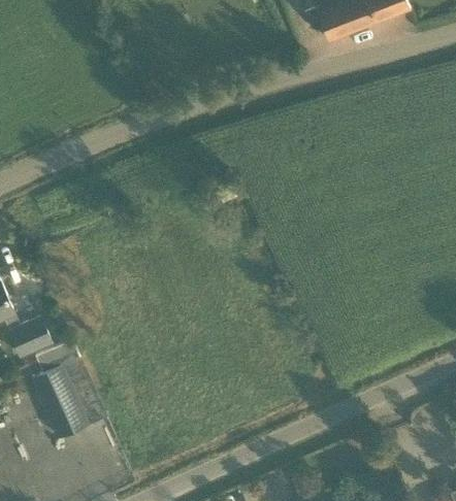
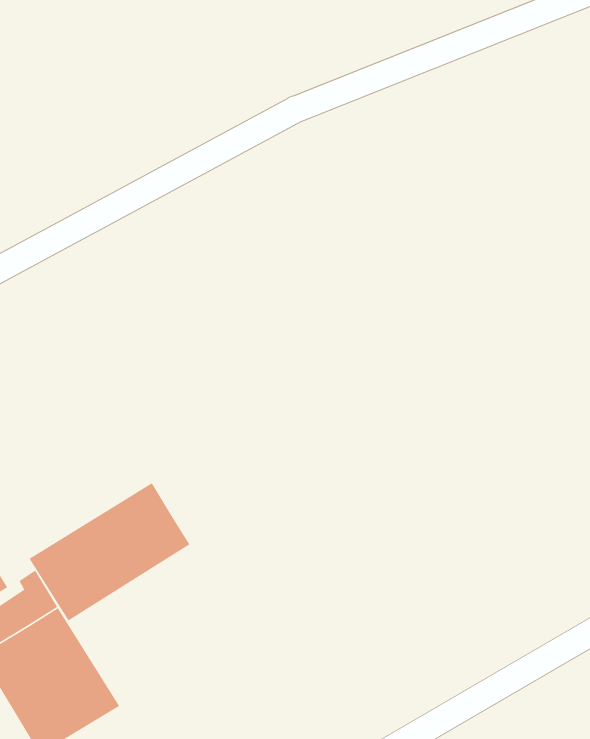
building: none -> [28,482,190,621]

